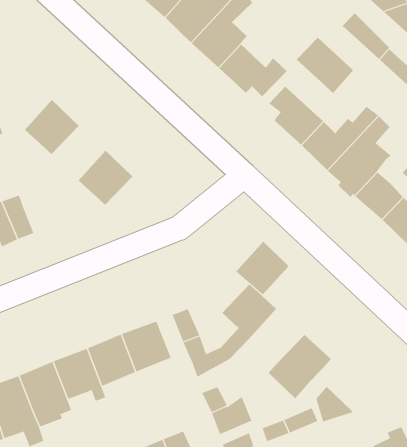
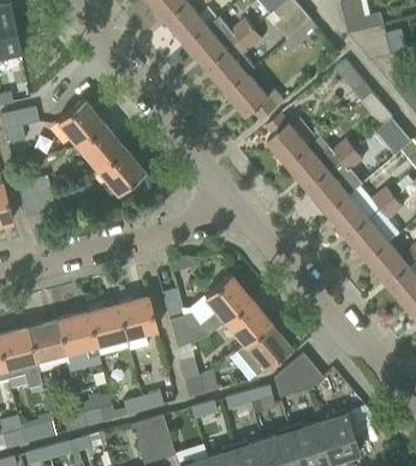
building: [296,37,354,94] -> none
building: none -> [77,125,123,171]
building: [236,241,289,295] -> [224,299,269,345]
building: none -> [284,354,322,393]

